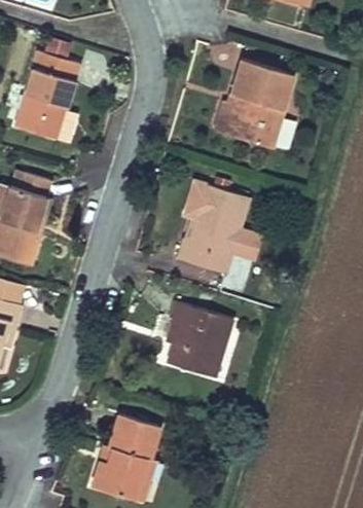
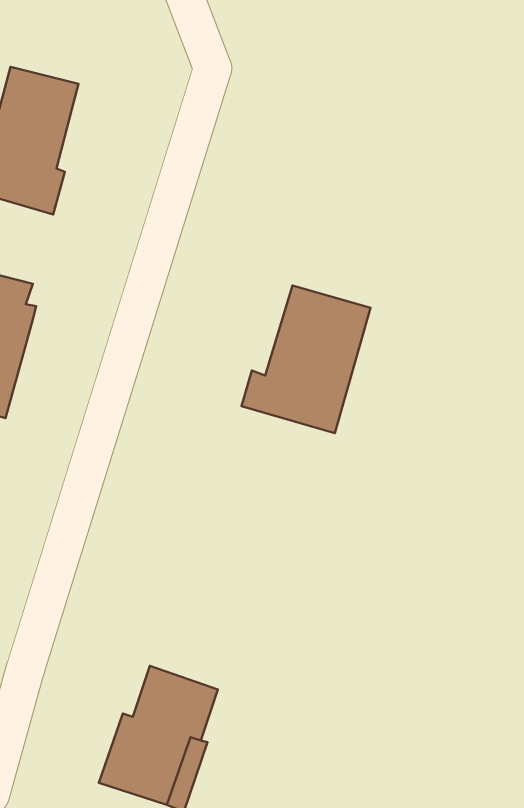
building: [226,55,289,144] -> none
building: [164,302,230,378] -> none

